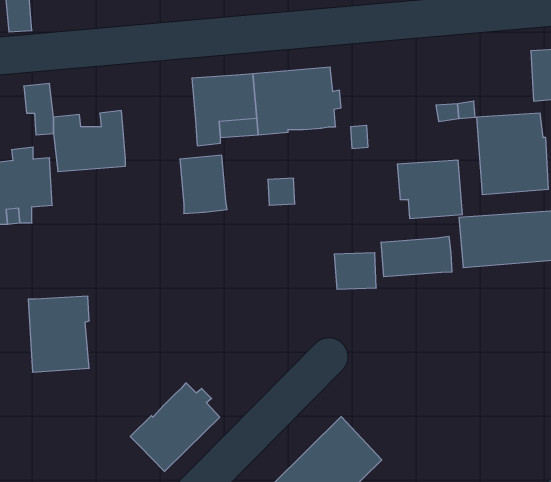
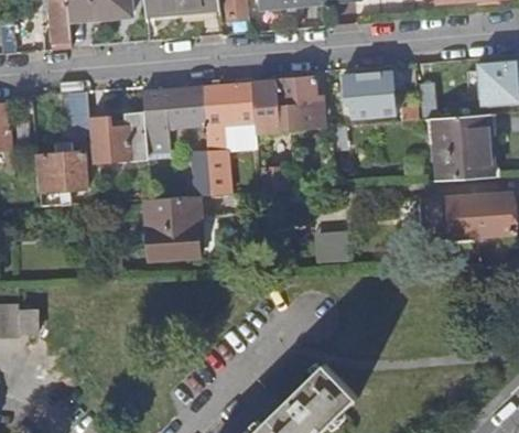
building: none -> [142,87,205,153]
building: [397,160,462,218] -> [342,72,394,119]
building: [381,236,452,277] -> none
building: [28,296,89,372] -> [145,197,195,259]
building: [130,383,220,471] -> none

